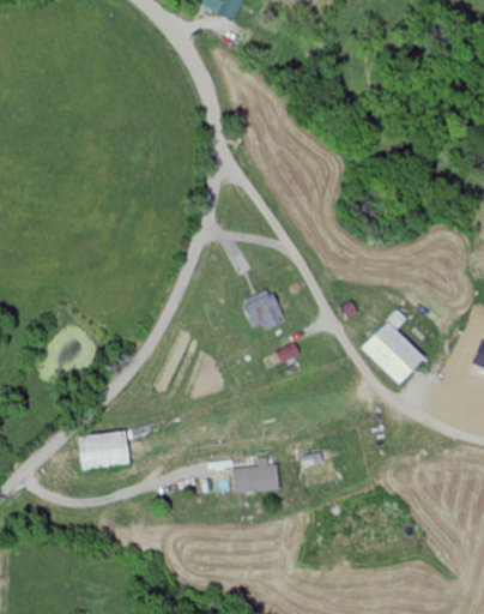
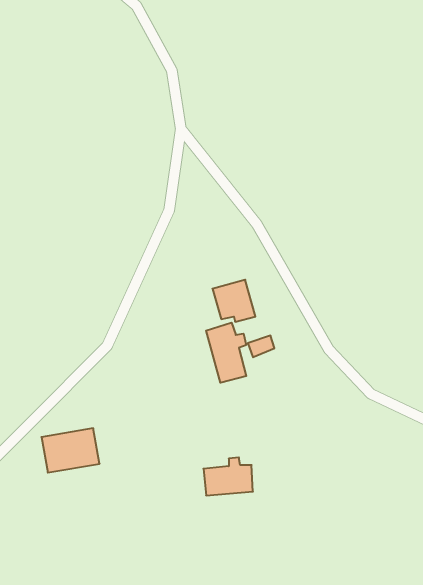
building: [361,309,426,385] -> none
building: none -> [206,323,246,383]

